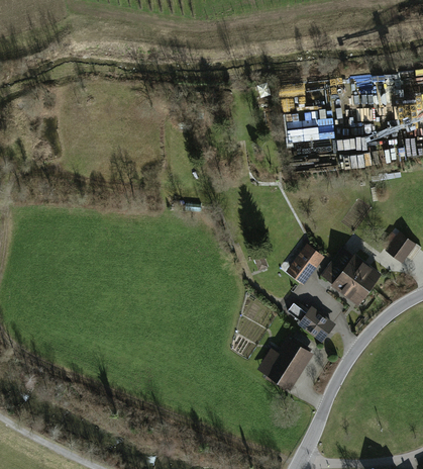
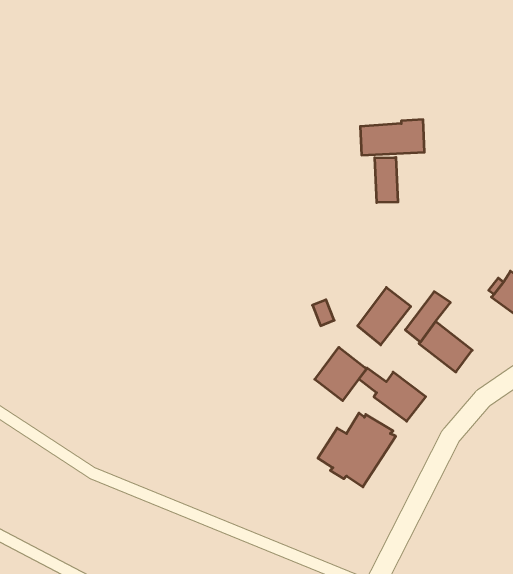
building: none -> [375,157,398,203]
building: [343,254,382,290] -> none
building: none -> [315,347,367,401]

